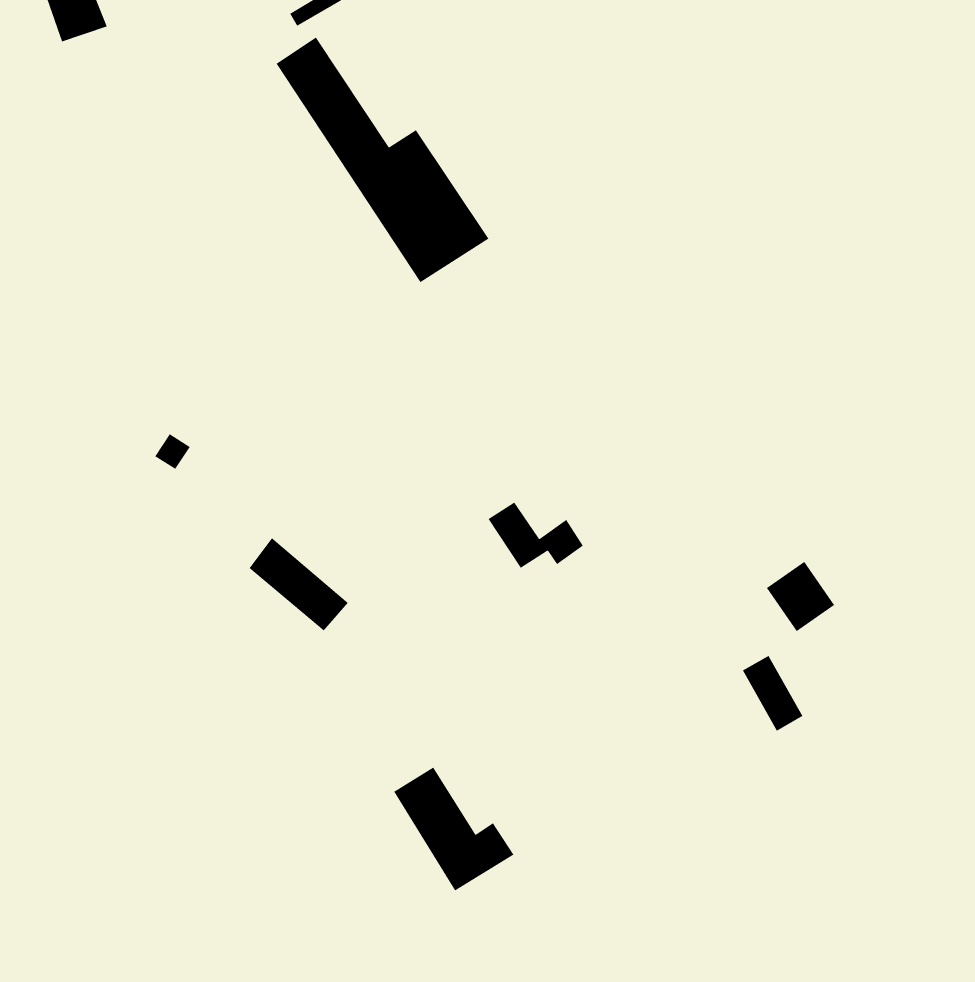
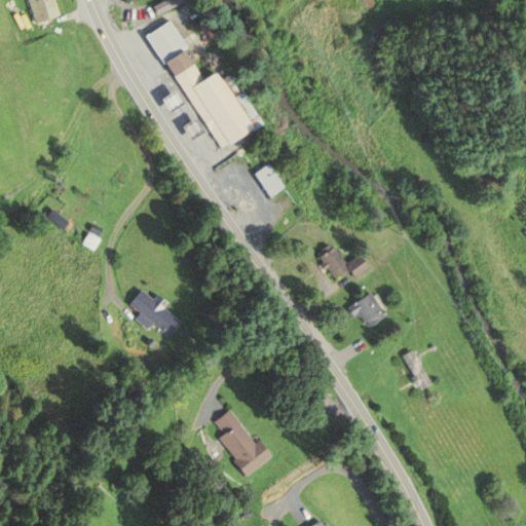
building: none -> [257,165,285,195]
building: [488,501,584,569] -> [316,243,368,279]
building: [766,561,835,632] -> [349,292,386,330]

